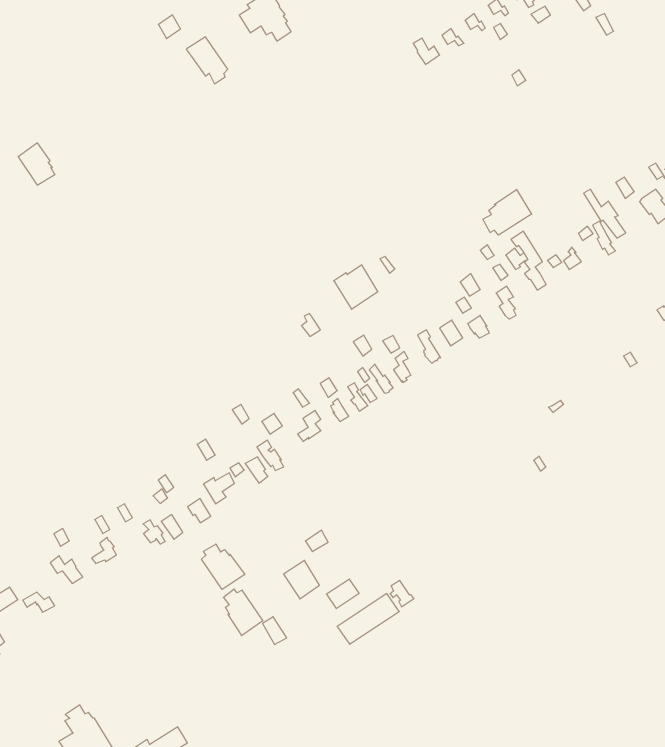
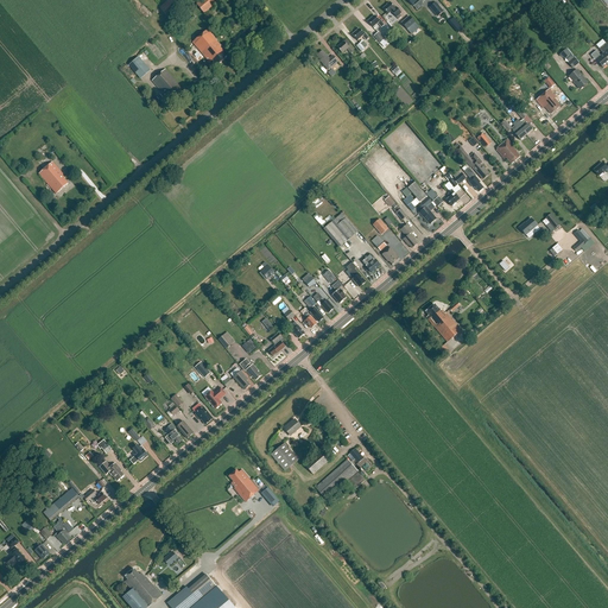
building: [483,189,532,235] -> none
building: [334,265,378,309] -> [324,214,357,247]
building: none -> [425,303,461,342]
building: [202,544,245,589] -> none

